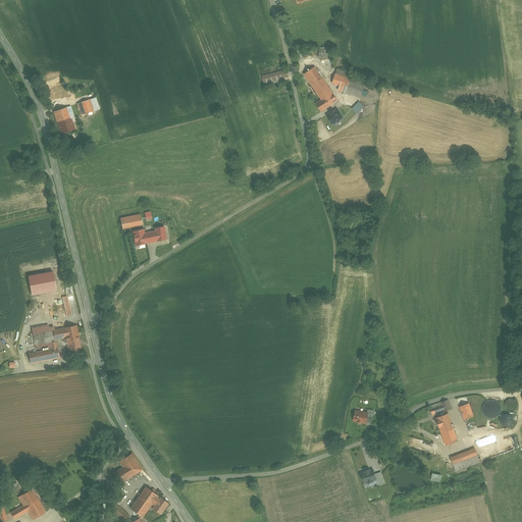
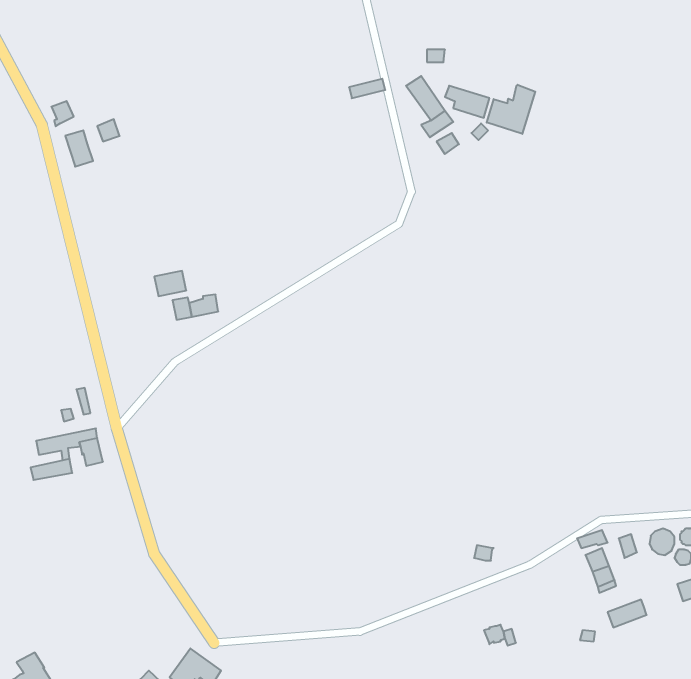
building: none -> [487,85,535,134]
building: [29,271,56,295] -> none
building: [113,454,142,483] -> none

